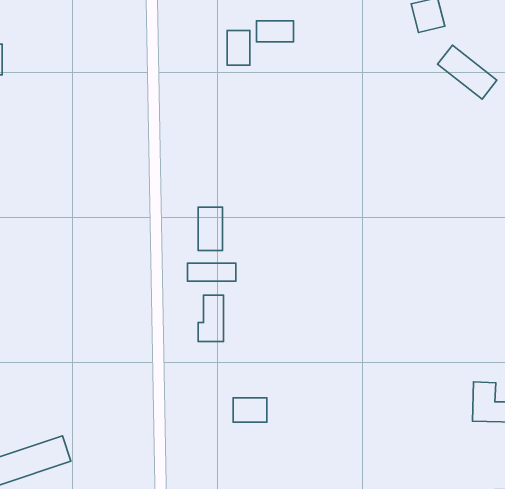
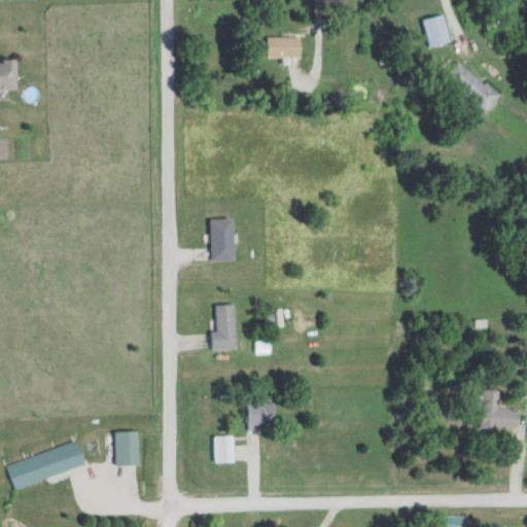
building: [227,31,250,65] -> none
building: [188,263,236,281] -> none
building: none -> [116,431,139,465]
building: none -> [212,435,233,462]

